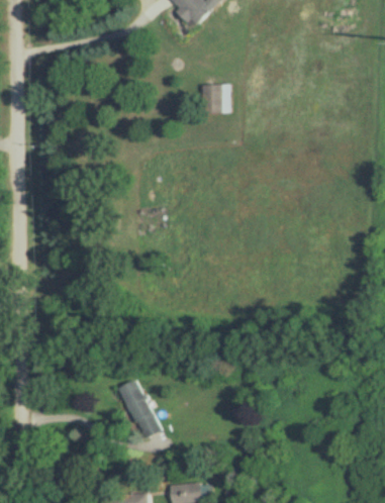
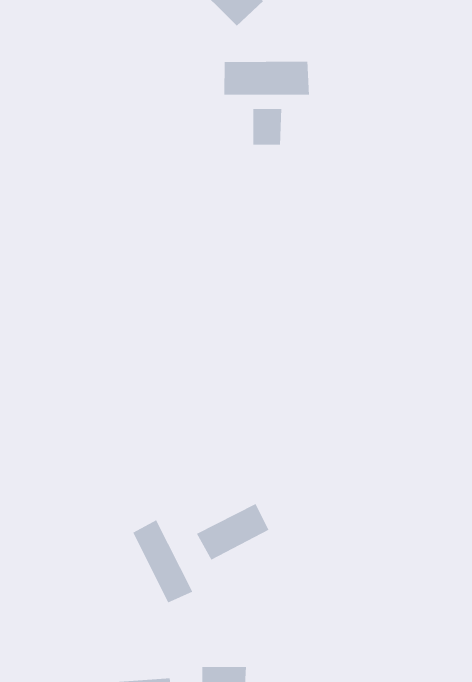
building: none -> [224,61,309,95]
building: none -> [196,503,269,561]

